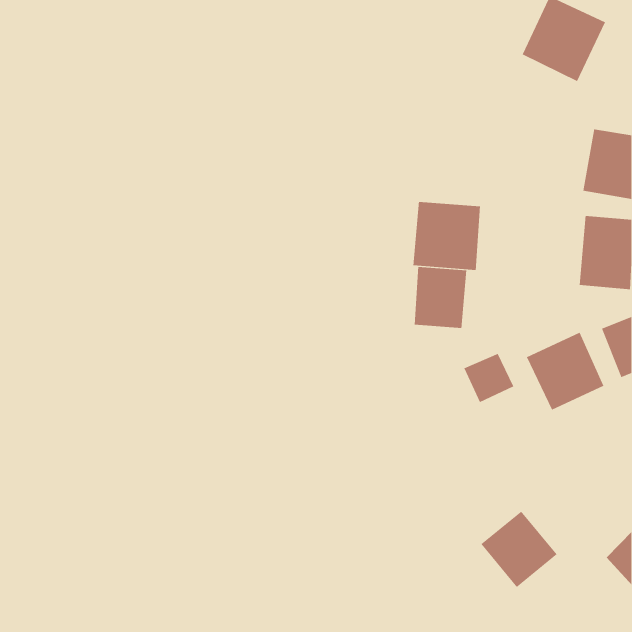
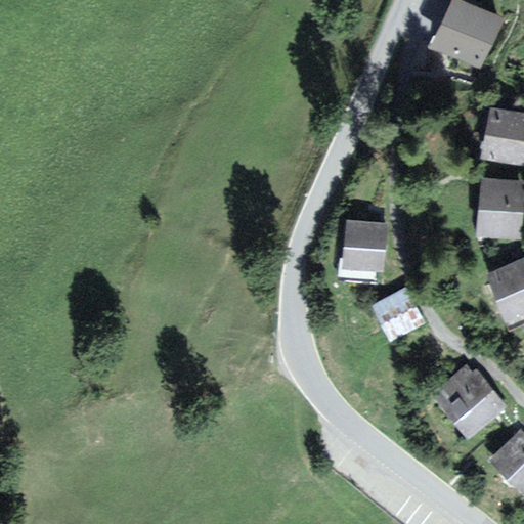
building: [413,201,480,271] -> none
building: [526,332,604,411] -> none
building: [481,511,557,588] -> [440,370,504,434]

